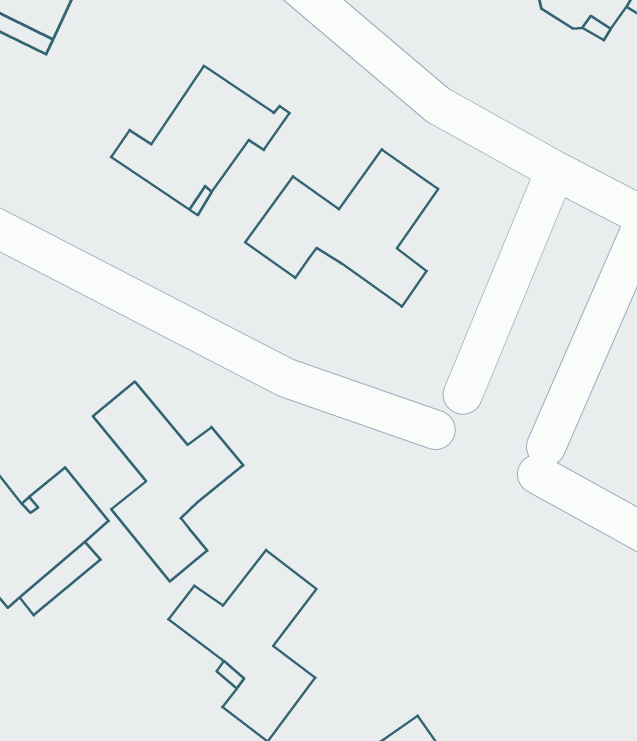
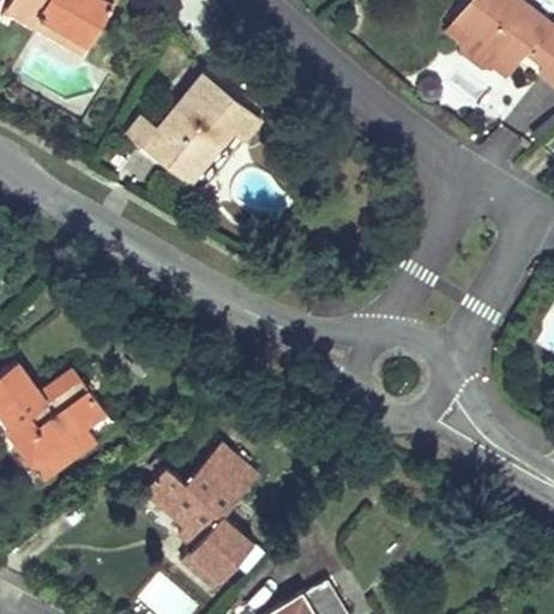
building: [245,149,438,307] -> none
building: [93,382,243,581] -> none

